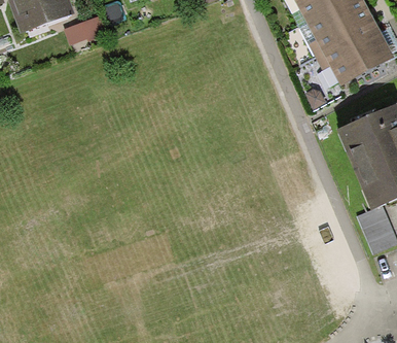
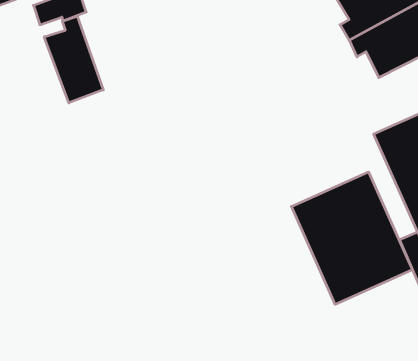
building: none -> [44,16,103,103]
building: none -> [291,172,412,304]

